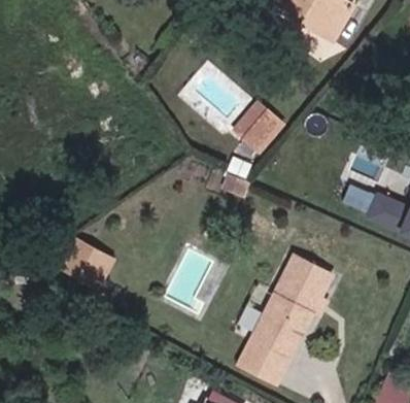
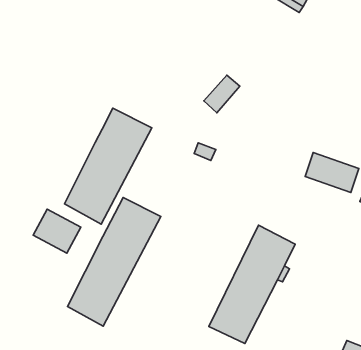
building: none -> [64,108,152,224]
building: none -> [68,197,161,326]

